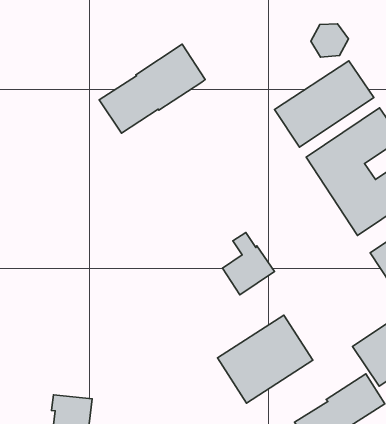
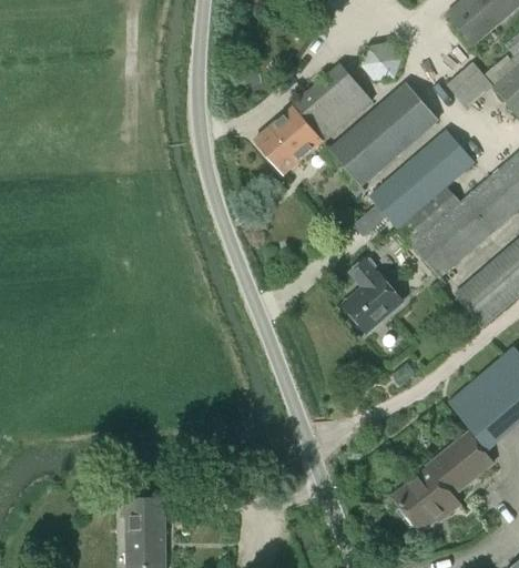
building: [99,44,205,133] -> [255,64,372,173]
building: [223,232,274,295] -> [344,262,403,333]
building: [218,315,313,403] -> none

